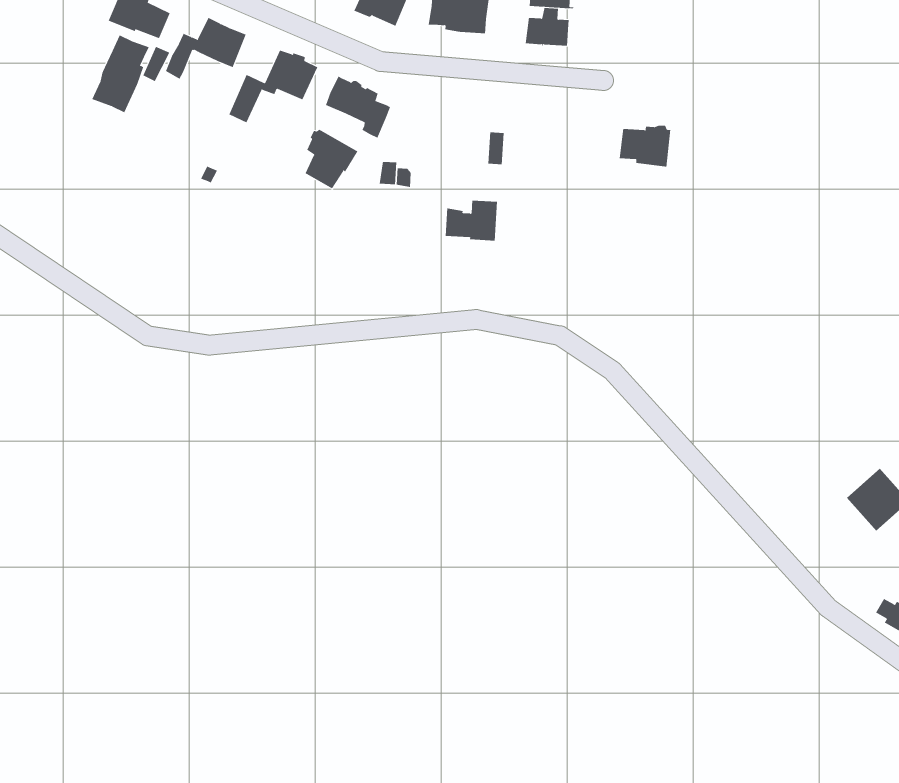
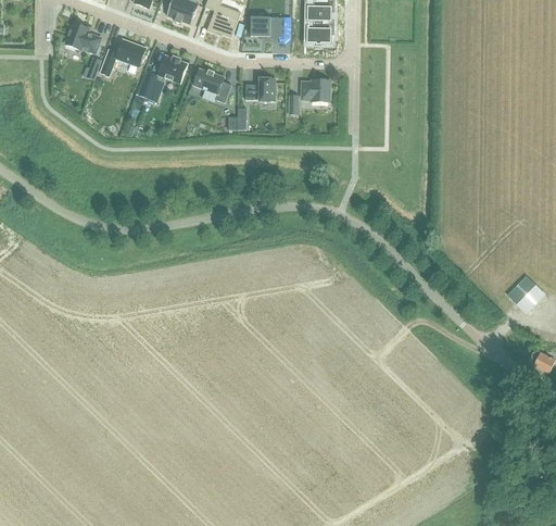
building: [91,34,149,113] -> none
building: [619,125,671,167] -> [301,78,330,102]
building: [305,129,358,189] -> none
building: [445,200,498,241] -> [245,78,275,101]

